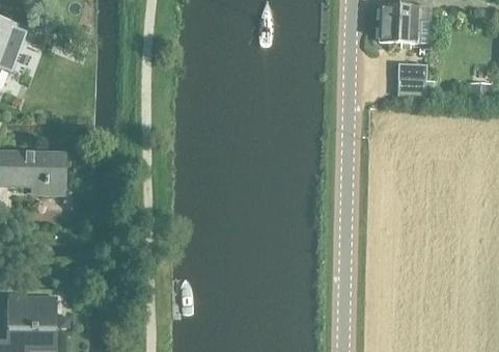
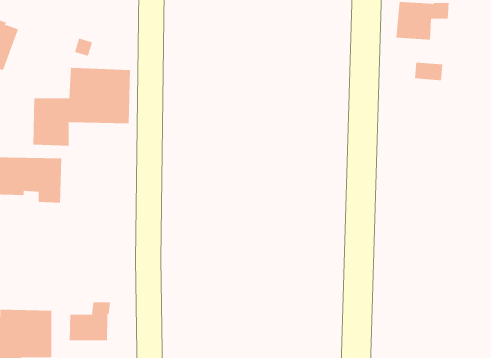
building: none -> [33,67,131,147]
building: none -> [69,301,110,341]

